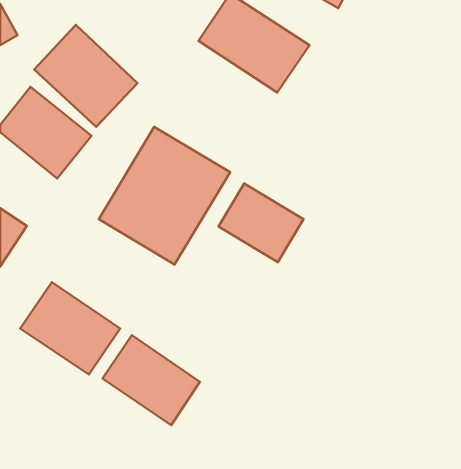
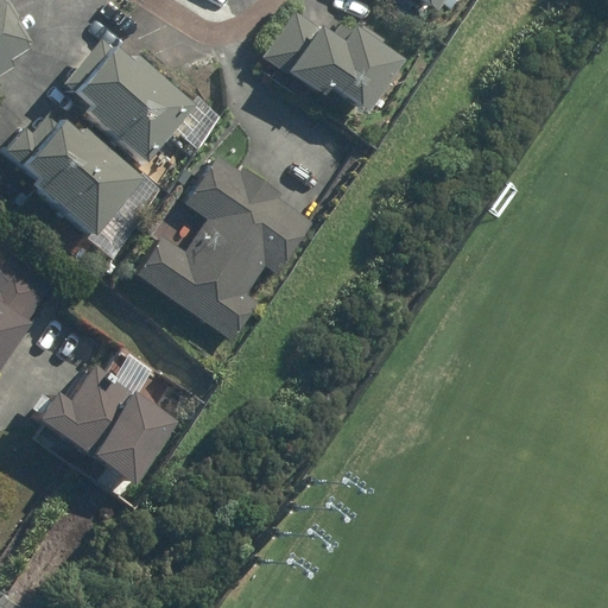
building: [218,184,303,262] -> none
building: [103,335,200,425] -> none

